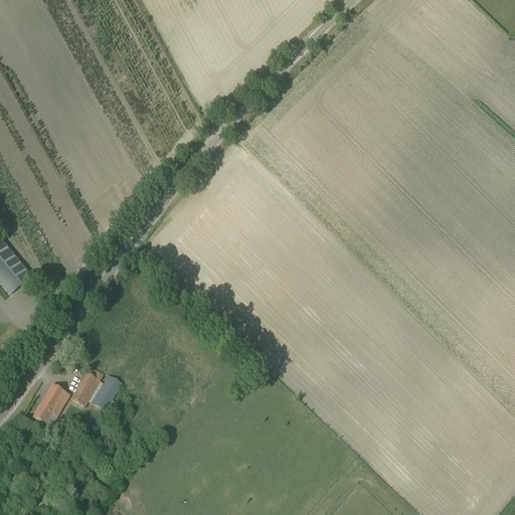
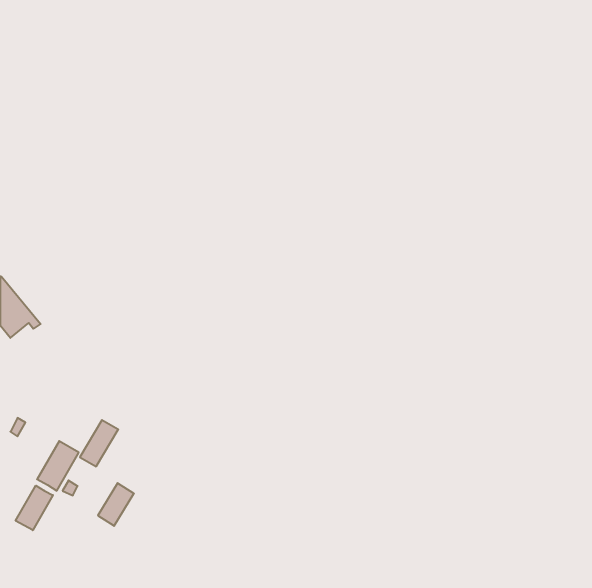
building: [90,373,121,410] -> [98,483,134,526]
building: none -> [16,486,53,530]

